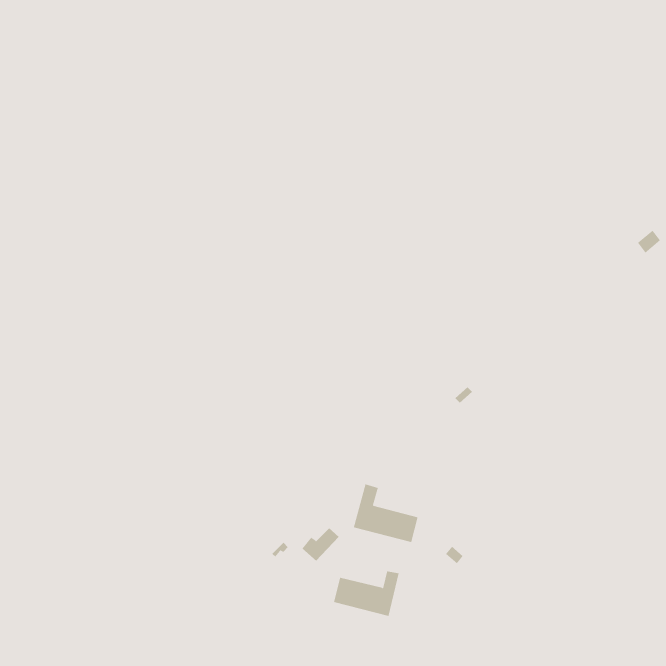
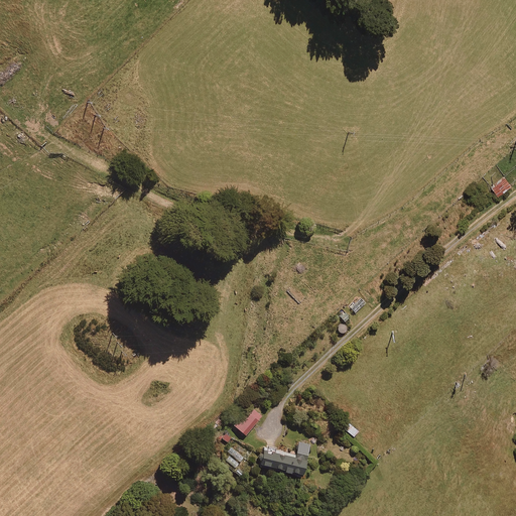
building: [353,484,418,543] -> none

